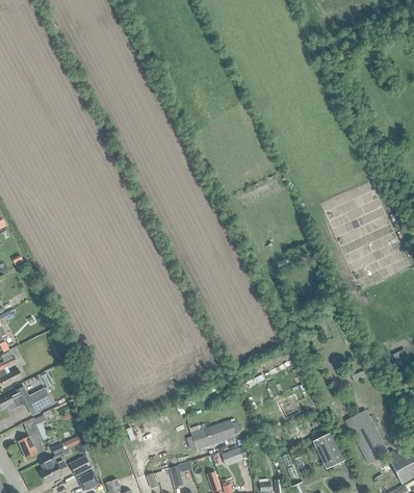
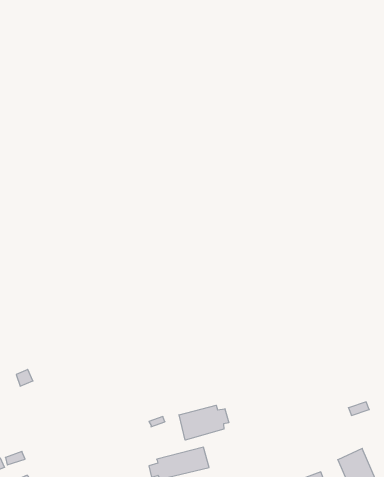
building: none -> [179,405,229,440]

